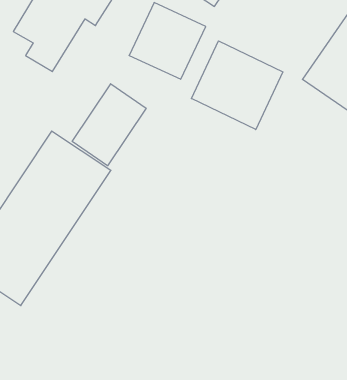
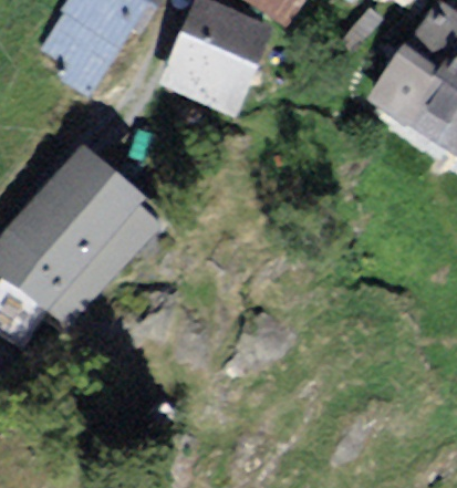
building: [191,41,283,130] -> none
building: [72,84,146,166] -> none

